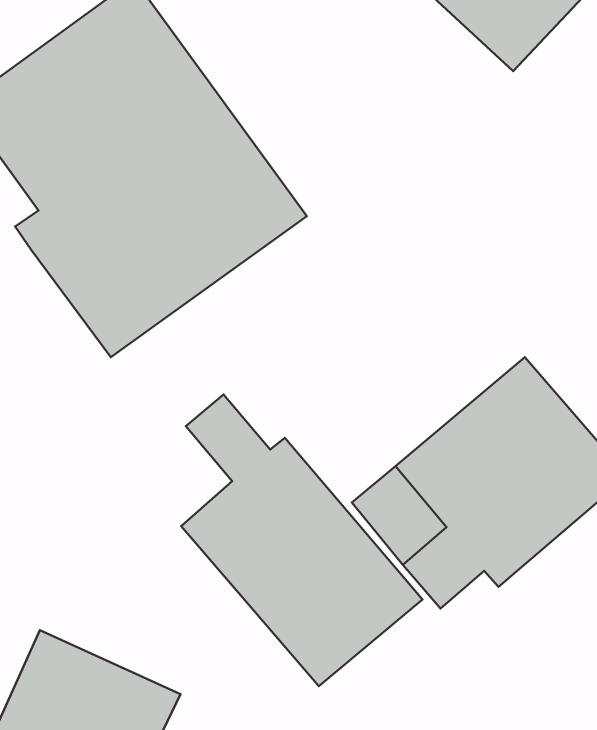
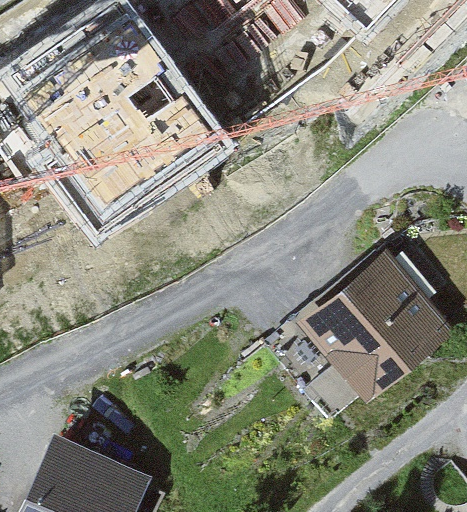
building: [181,394,423,686] -> none

